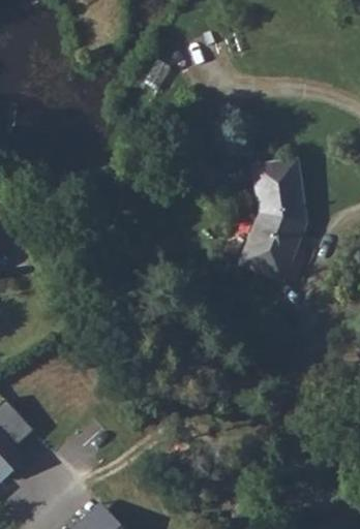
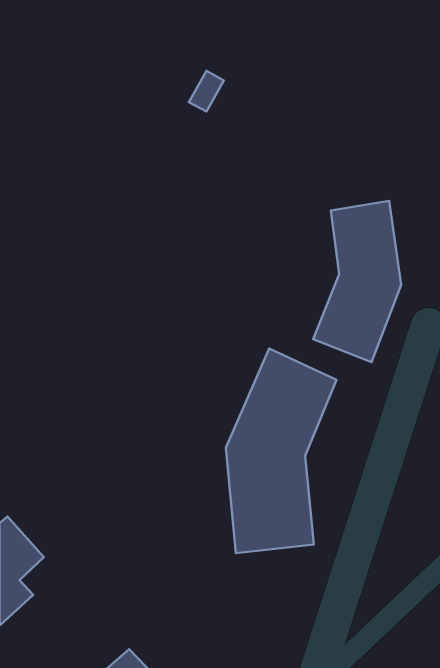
building: none -> [226,348,337,553]

